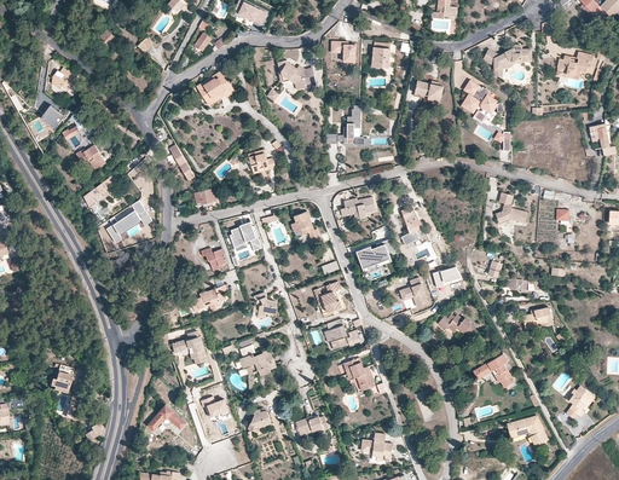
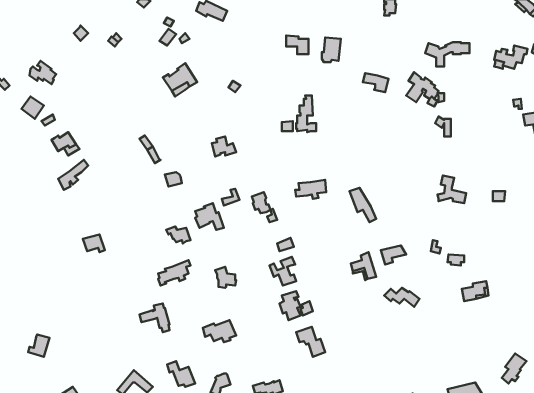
building: [277,59,313,88] -> none
building: [106,201,145,243] -> none
building: [357,237,398,265] -> none
building: [473,353,514,386] -> none

